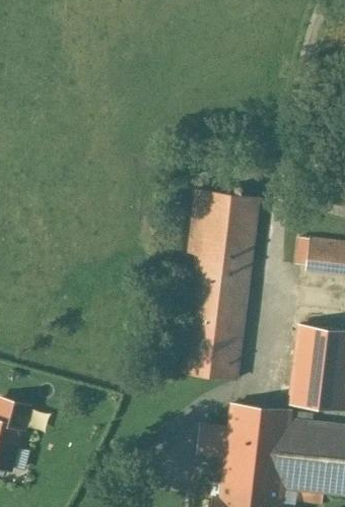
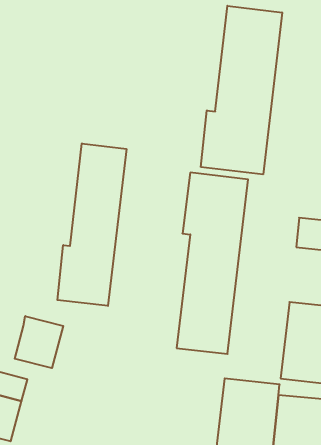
building: none -> [201,6,282,174]
building: none -> [57,143,126,306]
building: none -> [15,316,63,368]

